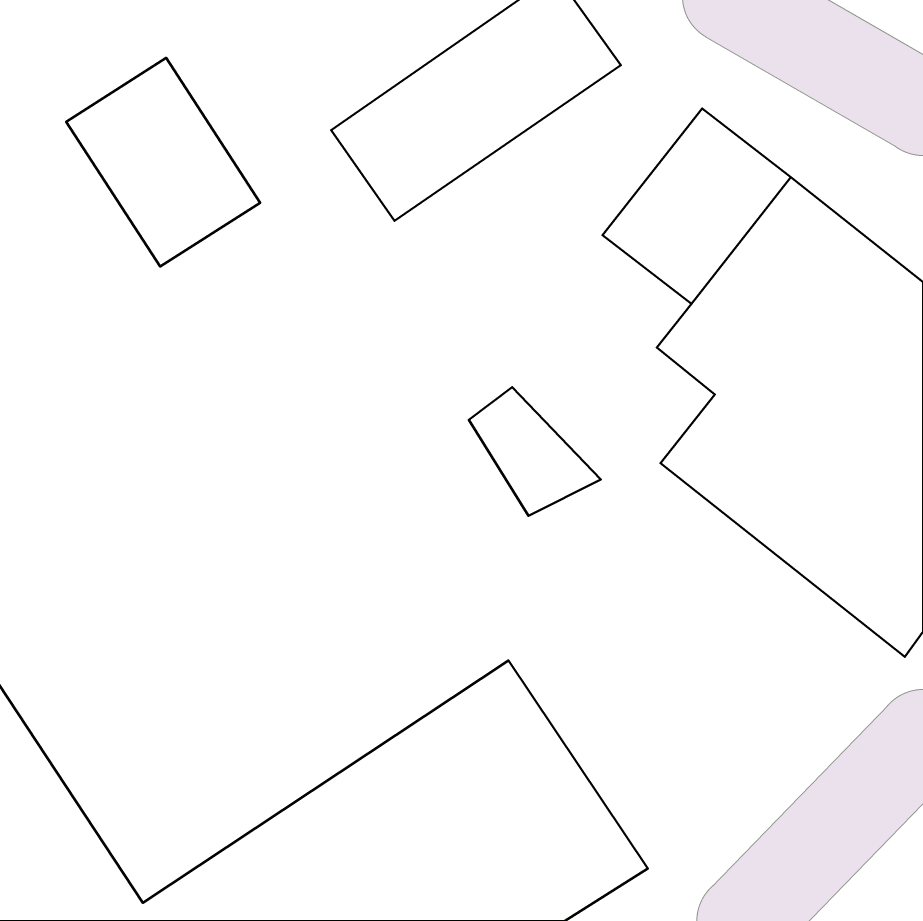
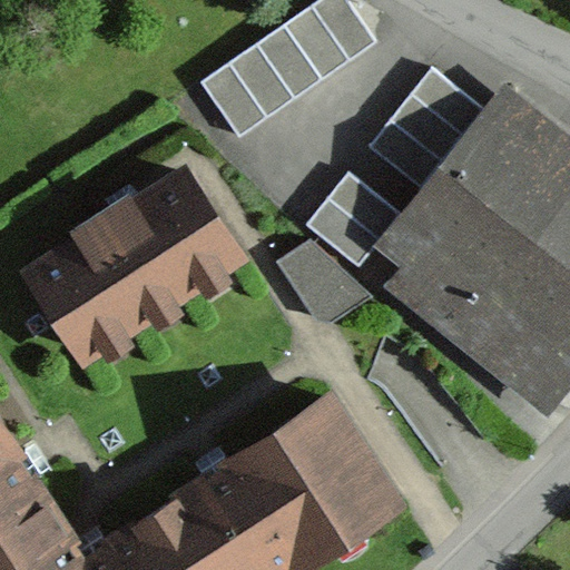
building: [66,58,260,267] -> none
building: none -> [6,168,240,379]
building: none -> [307,169,404,266]

